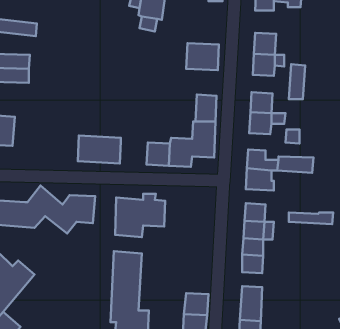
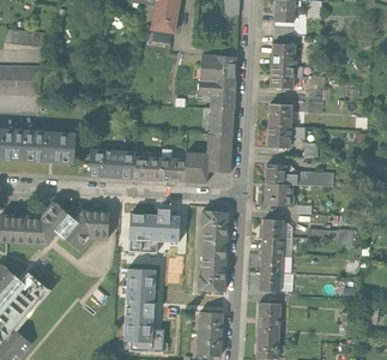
building: none -> [199,80,234,108]
building: none -> [23,130,74,163]
building: none -> [133,155,162,179]
building: none -> [198,210,228,290]

